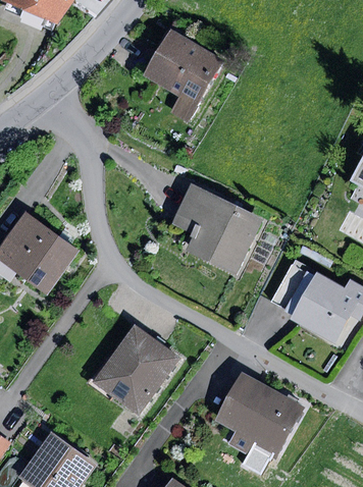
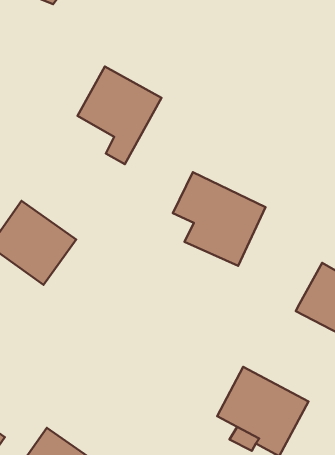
building: [143,29,224,123] -> [77,66,162,164]
building: [270,260,317,315] -> none
building: [92,324,179,415] -> none

